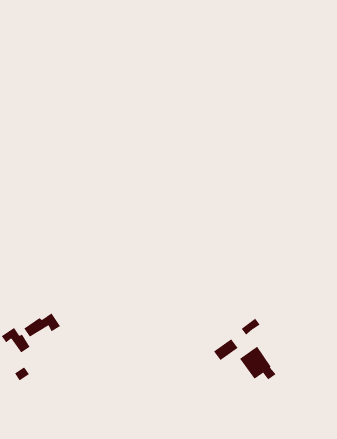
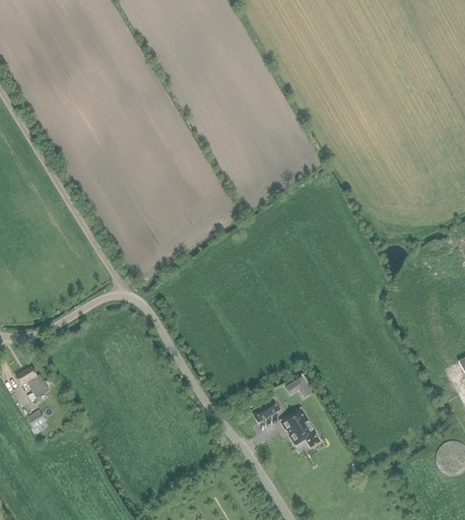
building: [23,312,61,338] -> none

